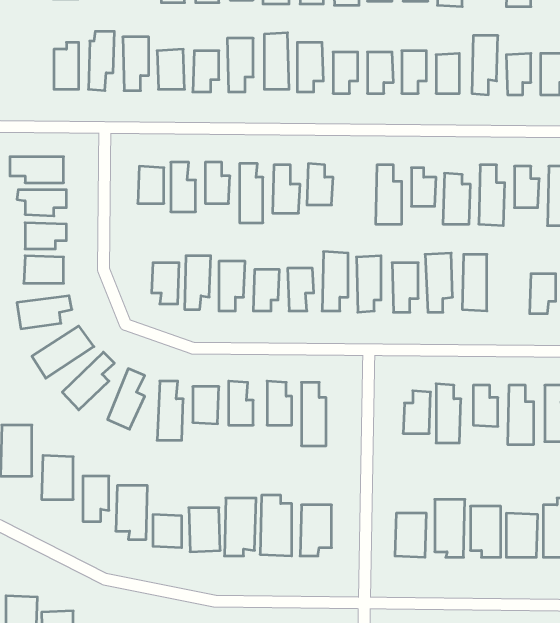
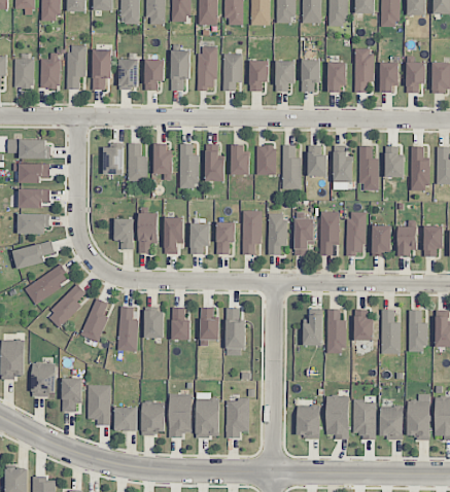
building: none -> [14,56,34,87]
building: none -> [256,145,276,175]
building: none -> [373,225,391,254]

